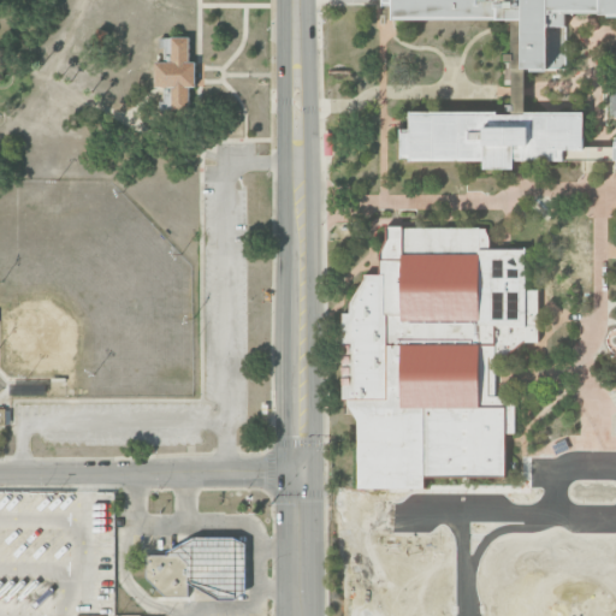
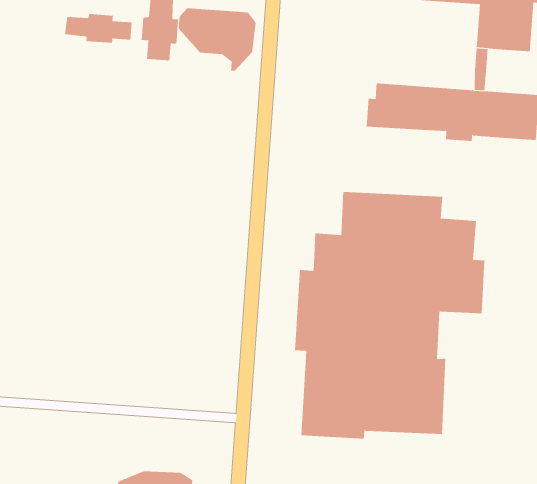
building: none -> [178,7,256,71]
building: none -> [64,13,132,44]

